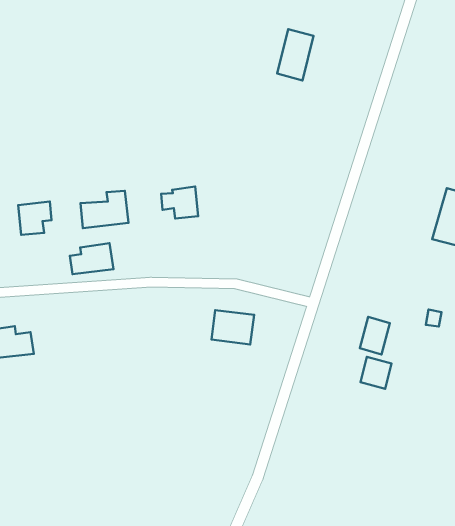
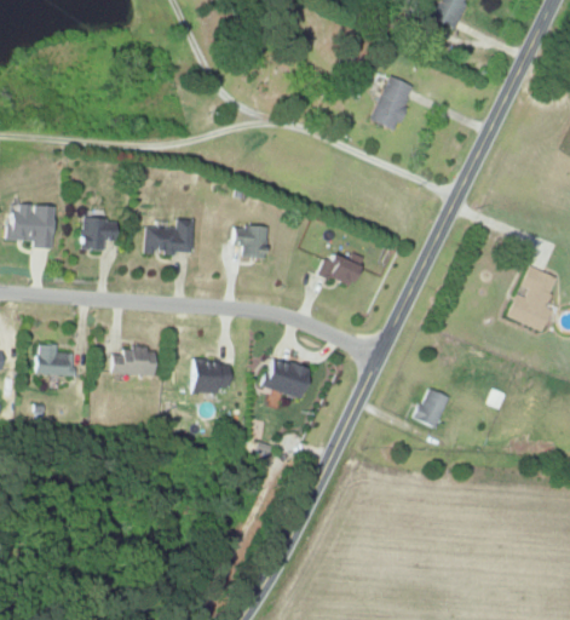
building: none -> [321,252,359,286]
building: [70,243,113,274] -> [111,348,155,375]
building: none -> [191,361,231,392]
building: [360,357,391,389] -> none

